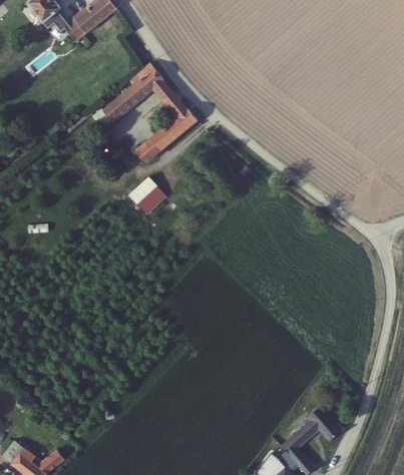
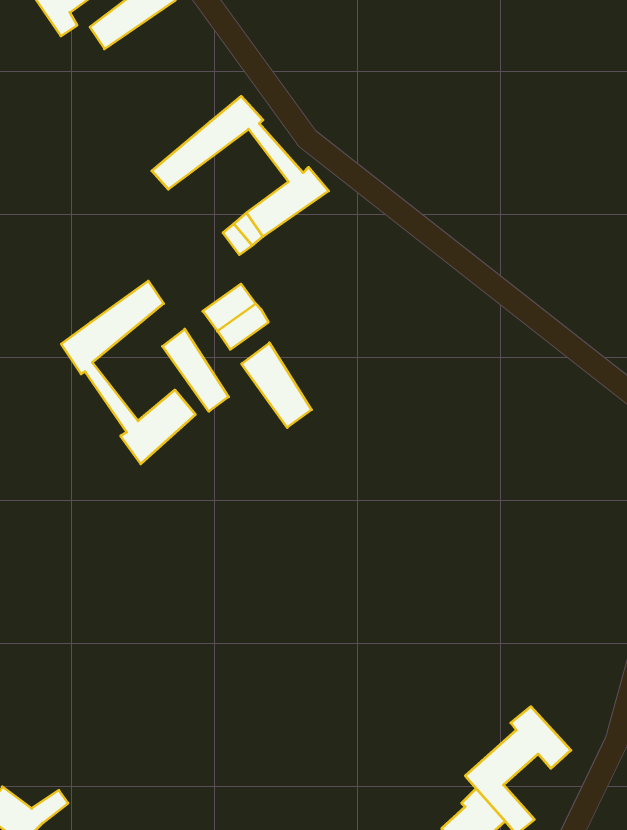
building: none -> [61,281,195,464]
building: none -> [162,329,229,411]
building: none -> [242,343,312,428]

